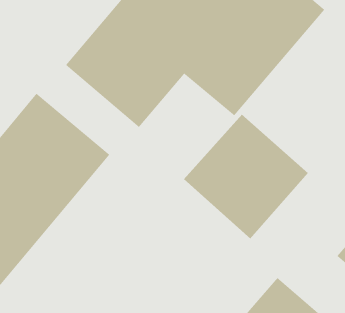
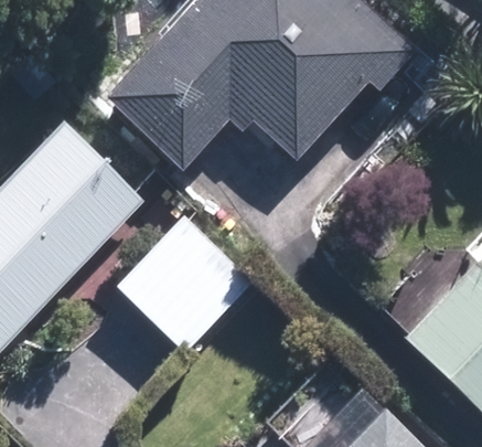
building: [183,114,309,240] -> [110,210,259,359]

